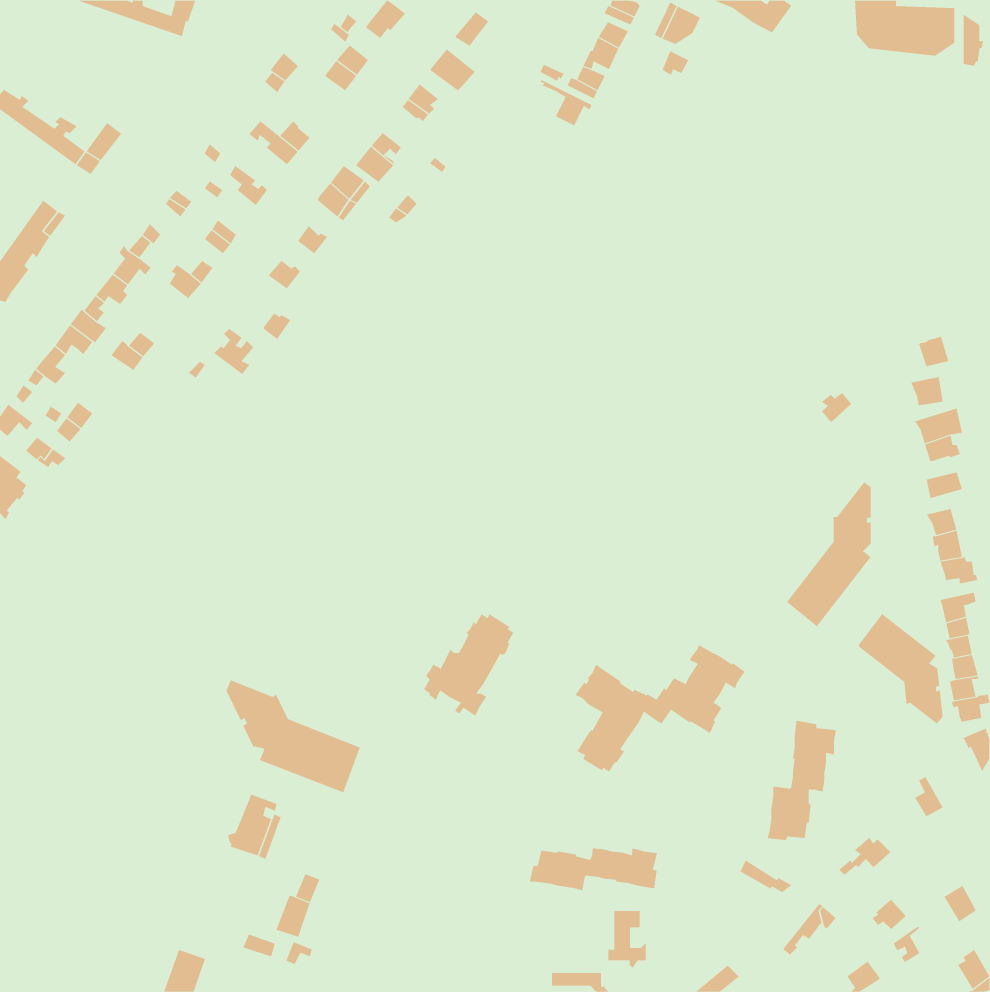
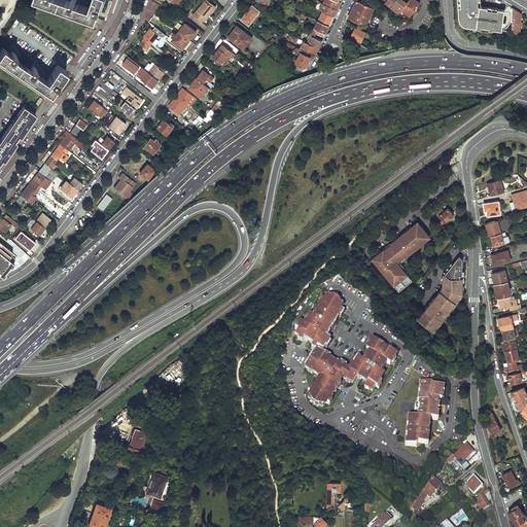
building: none -> [372,221,429,291]
building: [857,613,943,724] -> none
building: [423,614,514,716] -> [294,296,343,351]
building: [226,680,361,793] -> none
building: [529,847,657,891] -> none

